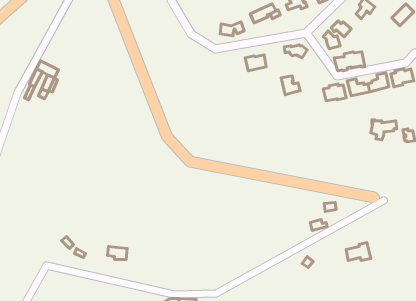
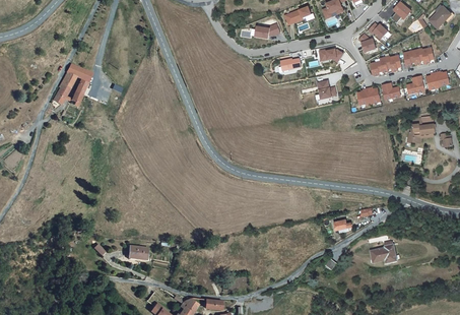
building: none -> [403,47,435,65]

